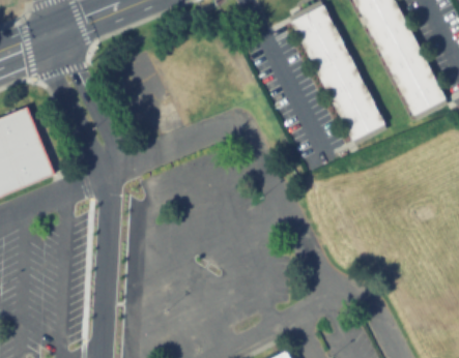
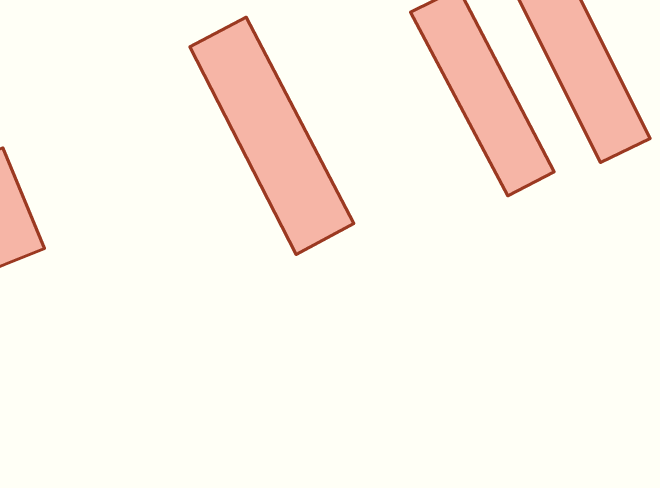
building: none -> [190,17,354,255]

